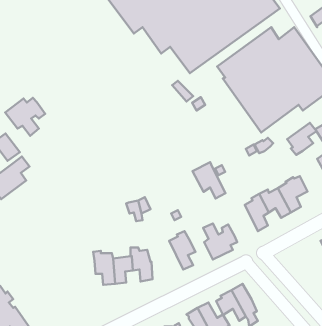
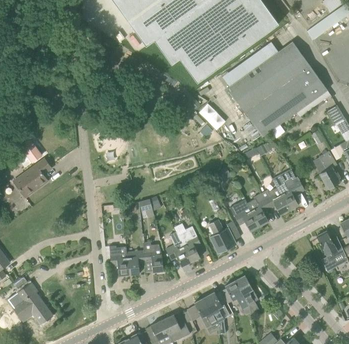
building: [5,98,45,136] -> none
building: [287,123,316,155] -> none
building: [193,162,225,199] -> [229,199,259,232]
building: none -> [165,232,191,267]

